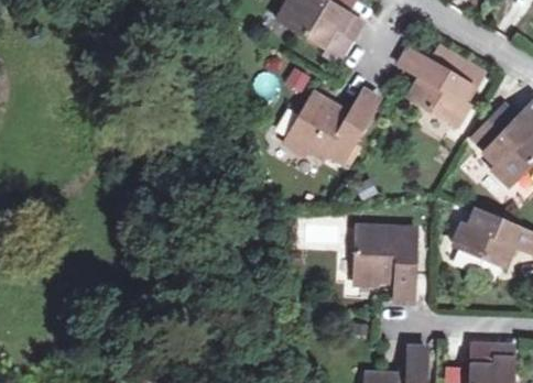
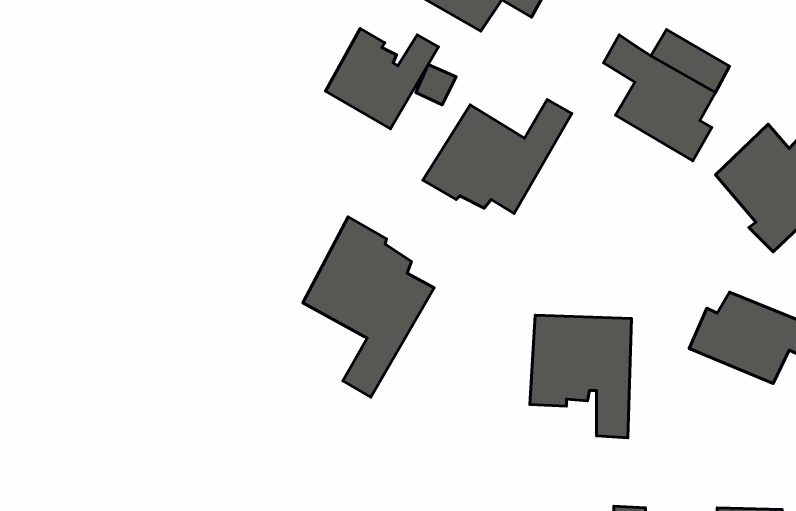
building: none -> [326,29,439,129]
building: none -> [303,217,434,397]

